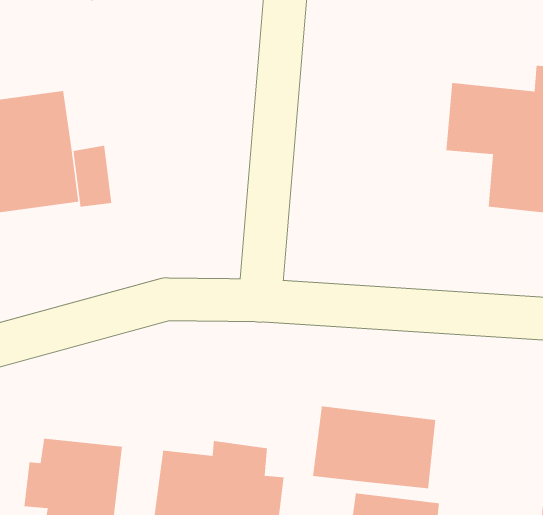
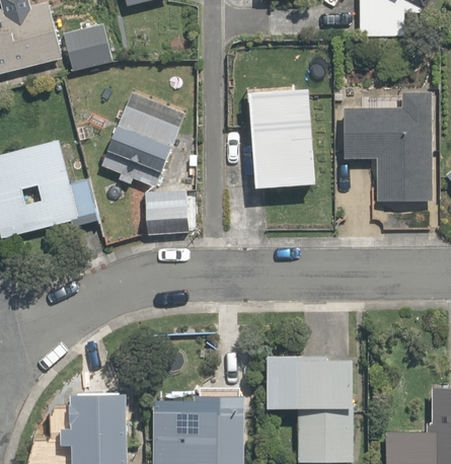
building: none -> [99,84,192,188]
building: none -> [249,90,314,185]
building: none -> [143,198,187,238]

